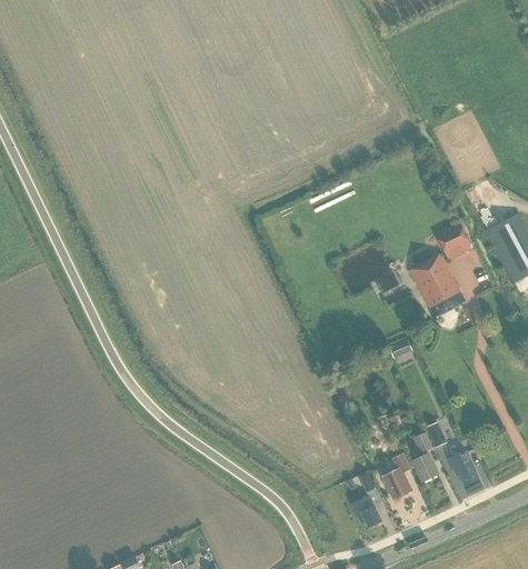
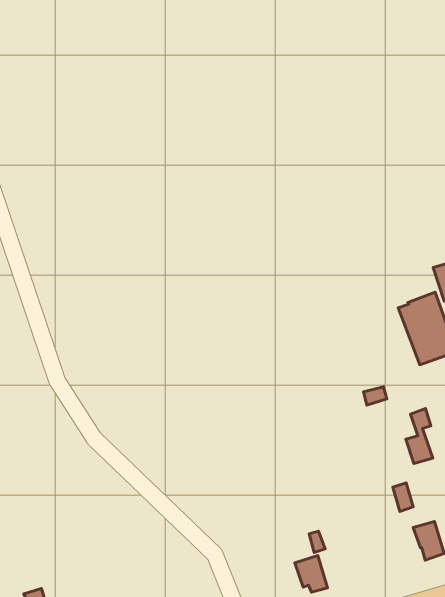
building: [412,432,438,481] -> [406,408,433,463]
building: [385,455,409,496] -> none

